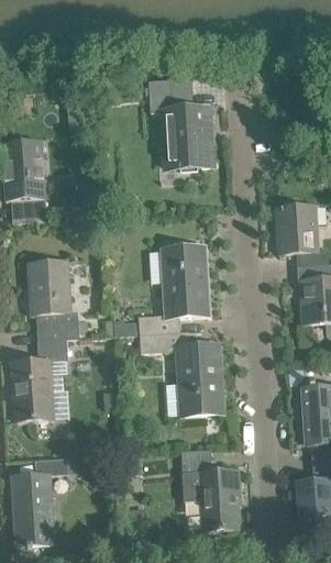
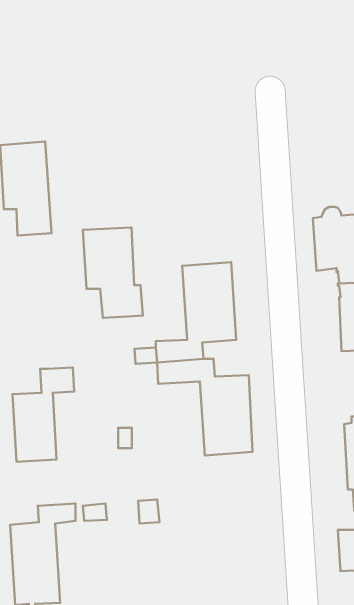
building: [148,78,212,166] -> none
building: [26,261,79,340] -> [83,227,143,318]
building: [181,449,240,530] -> none

